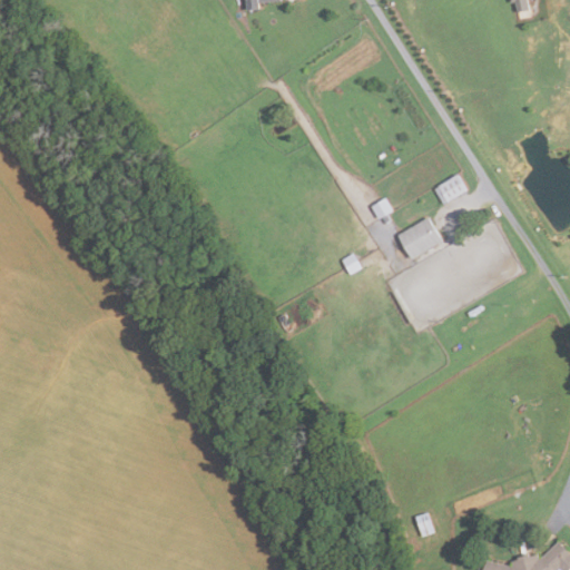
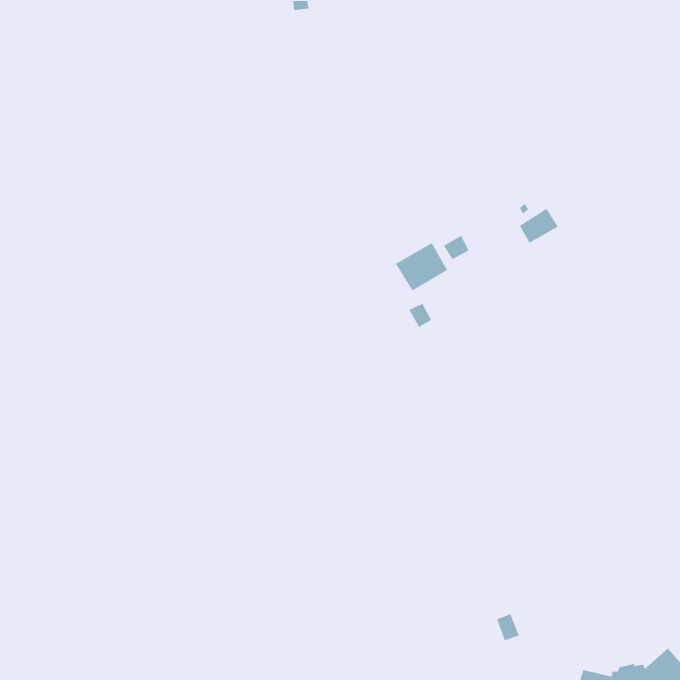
building: [397,217,442,258] -> [395,242,448,292]

